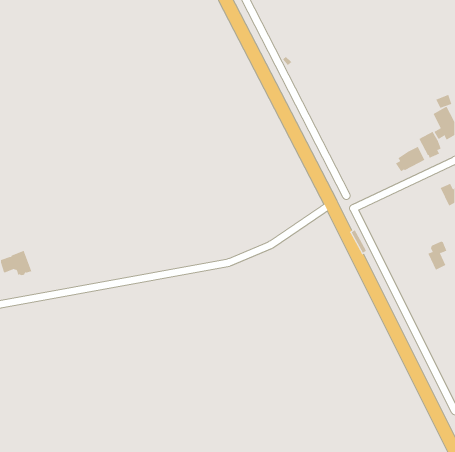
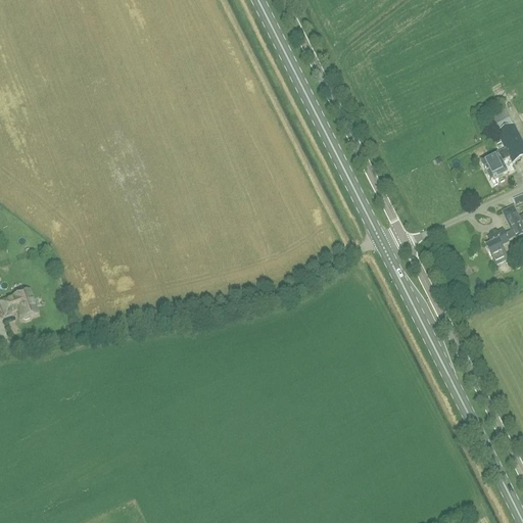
building: [395,146,425,172] -> none
building: [427,241,447,270] -> [486,230,509,264]

